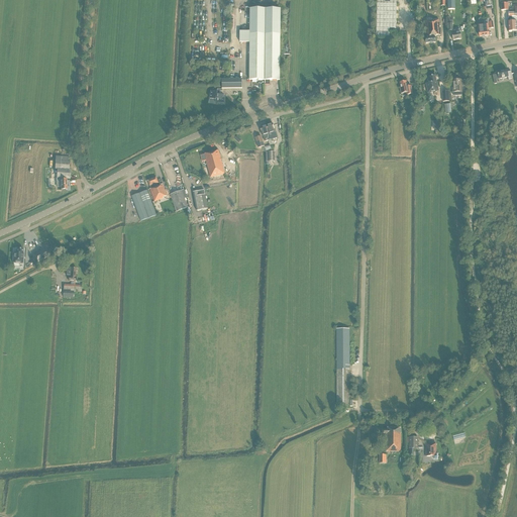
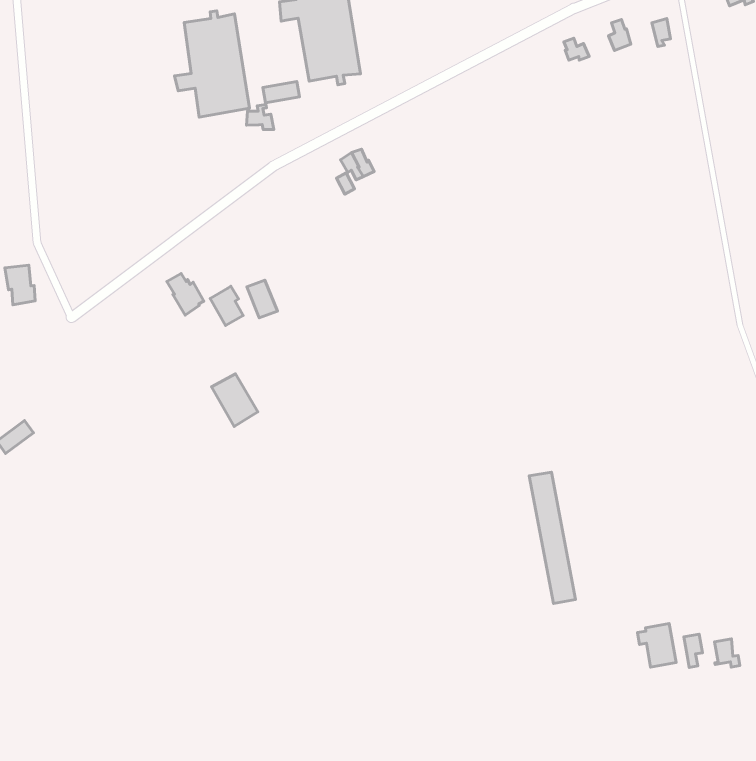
building: none -> [174,11,250,117]
building: [200,148,224,176] -> none
building: [131,189,156,219] -> [211,374,258,427]

